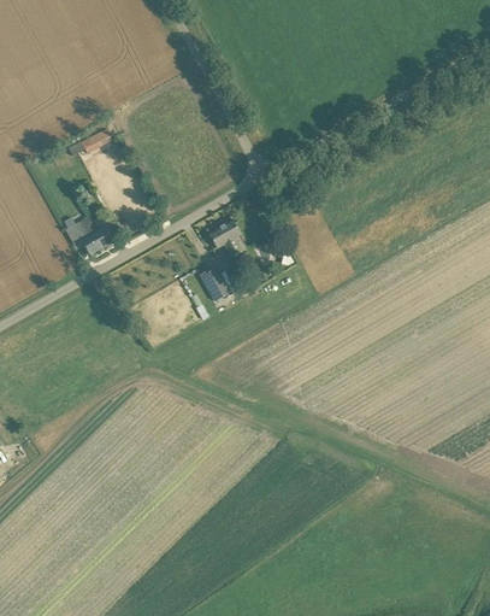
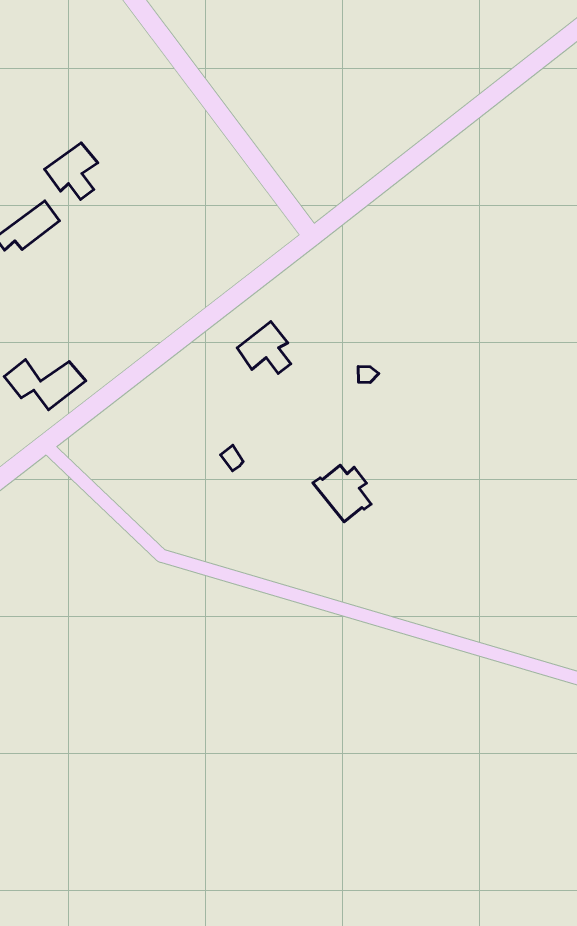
building: none -> [45,143,98,199]
building: [199,266,232,301] -> [313,465,371,522]

